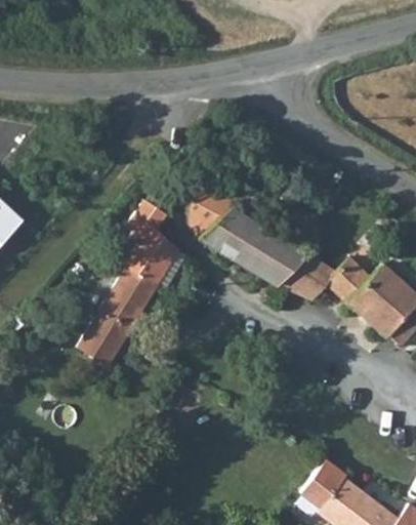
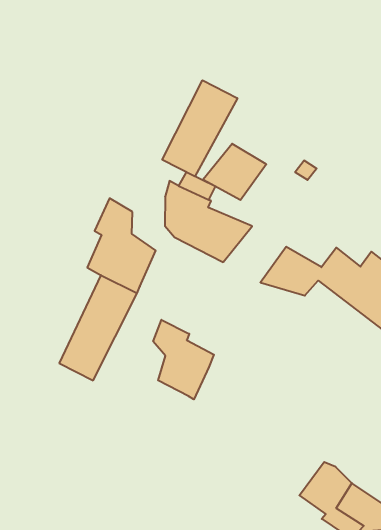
building: none -> [162,80,237,176]
building: [241,230,301,283] -> [203,144,266,200]
building: none -> [153,320,214,399]

